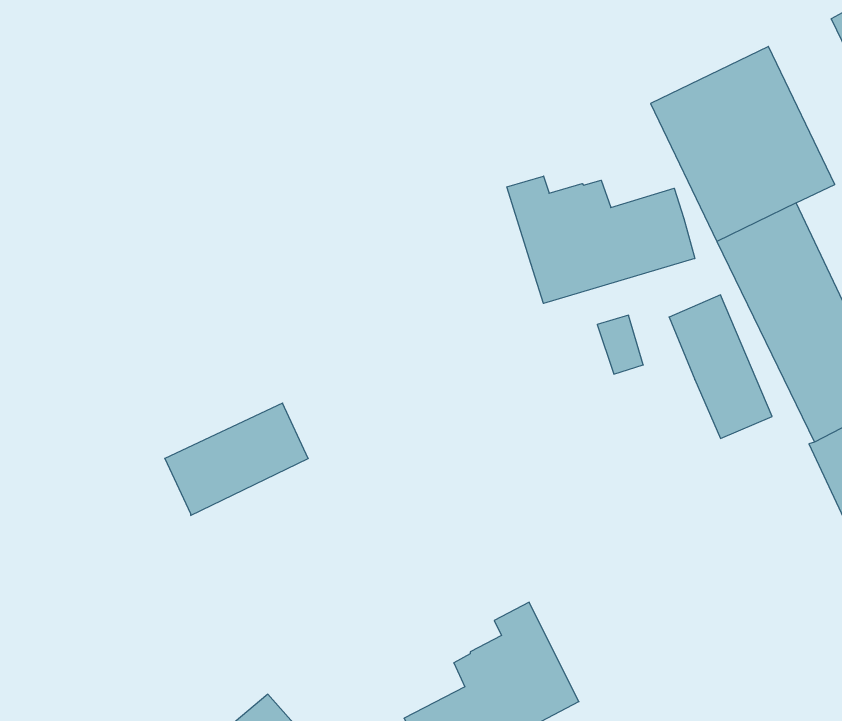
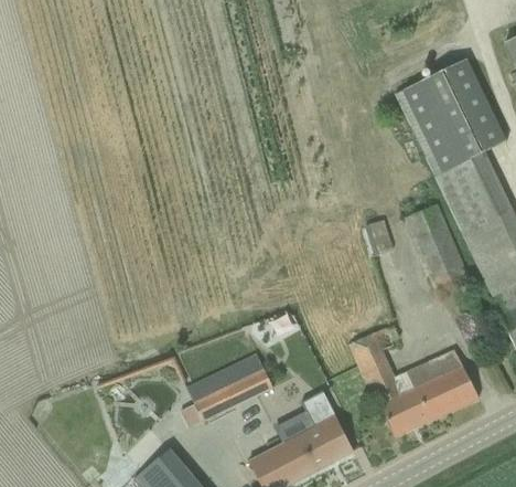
building: [507,176,695,303] -> none
building: [165,403,308,515] -> [187,354,273,422]
building: none -> [350,328,480,436]

